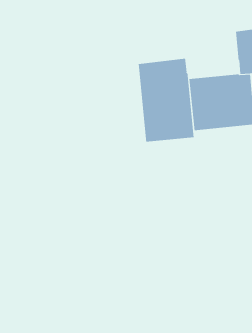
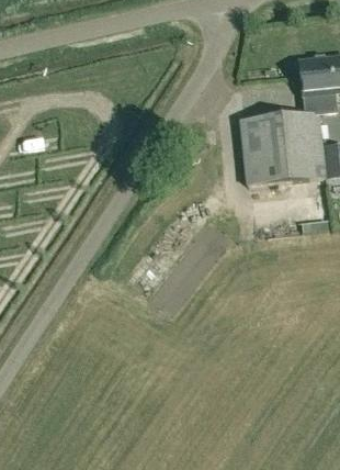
building: [138,58,194,142] -> none

